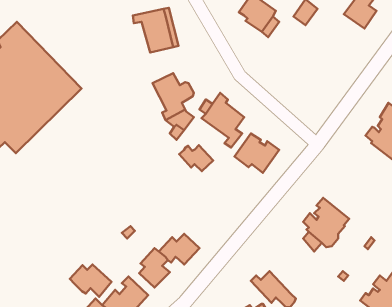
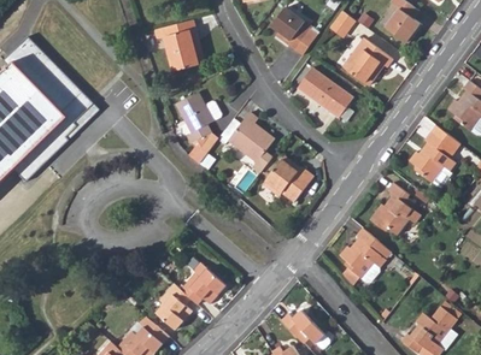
building: none -> [342,39,391,85]
building: none -> [297,67,353,120]
building: [179,145,213,171] -> none
building: none -> [369,184,420,237]
building: [70,265,112,297] -> none

